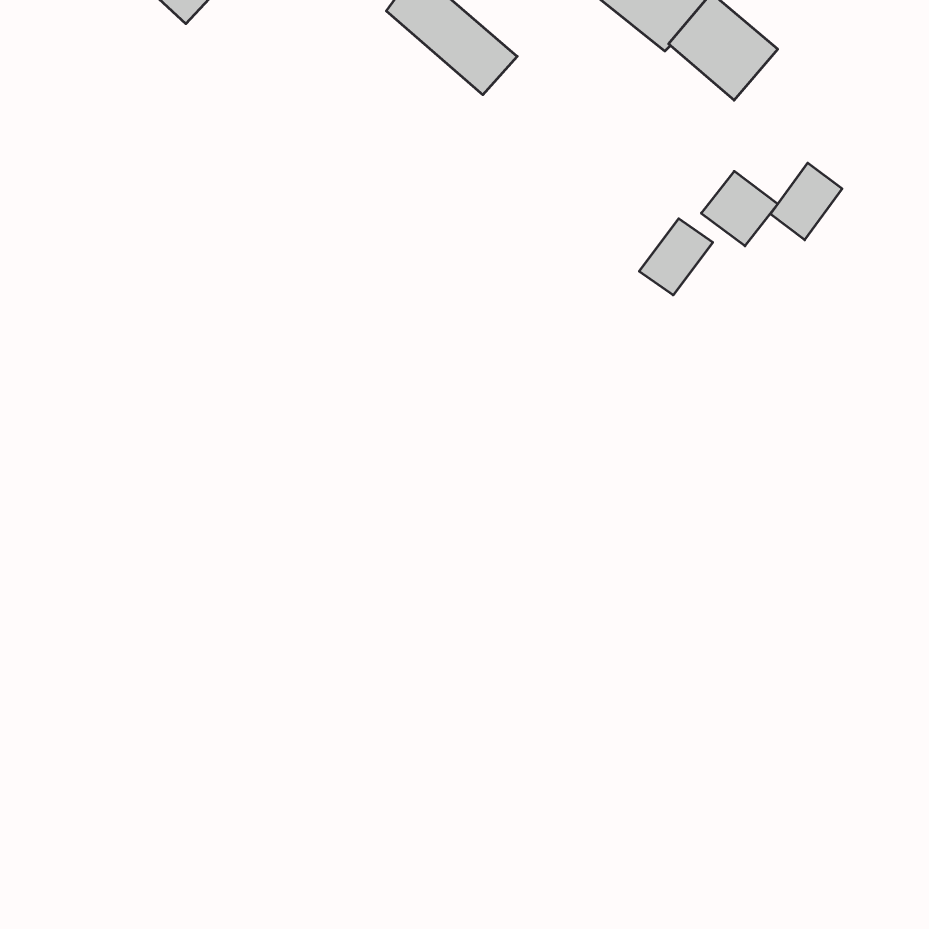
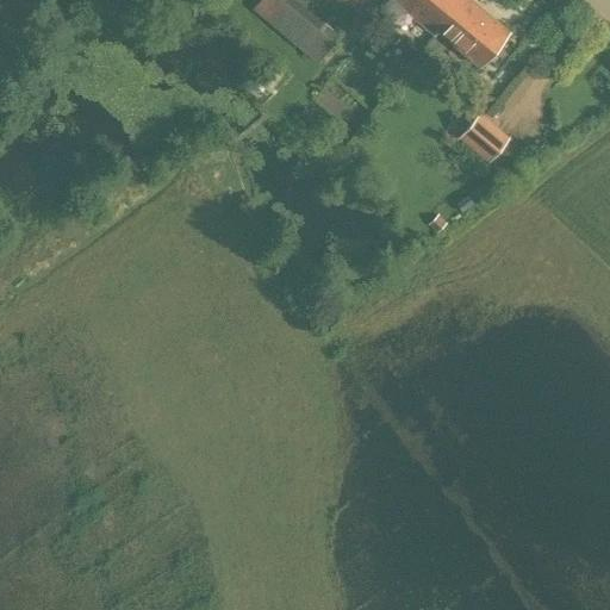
building: [770,163,842,240] -> none
building: [639,219,713,295] -> none

